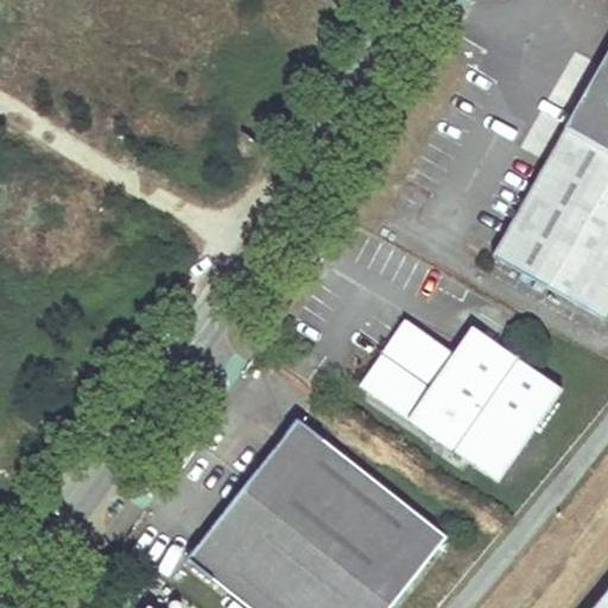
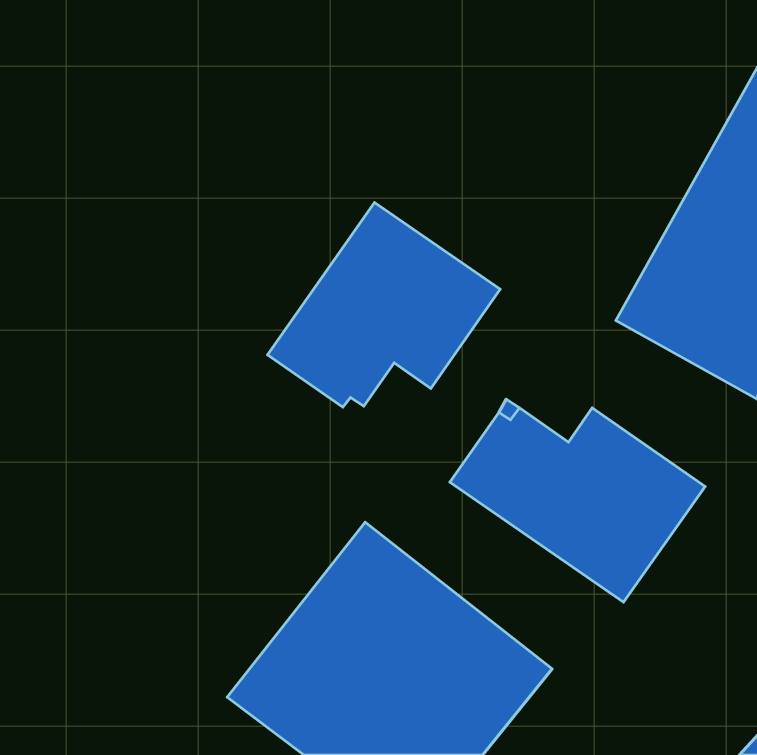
building: none -> [267,203,500,407]

